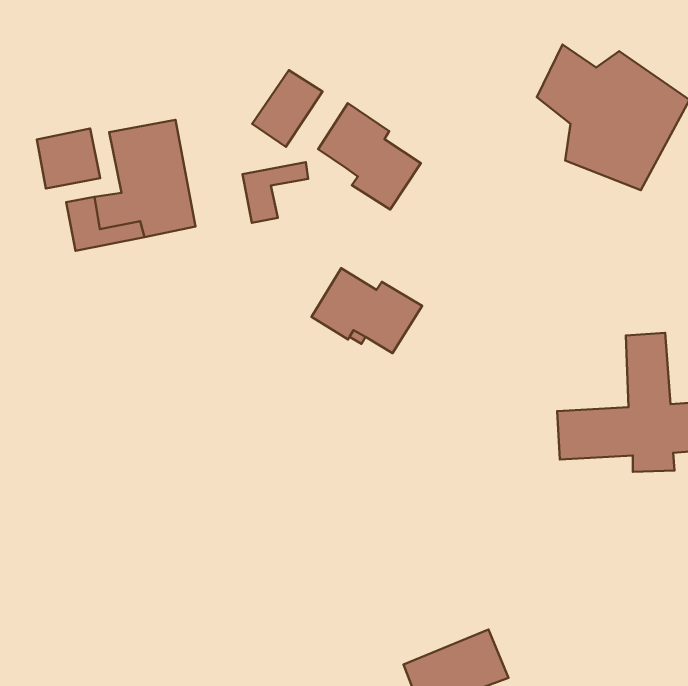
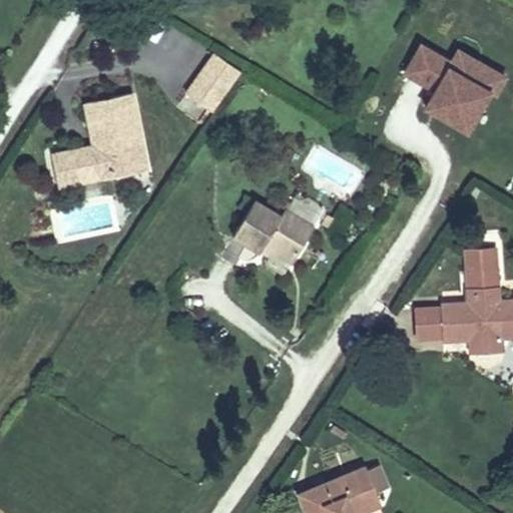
building: [318,103,421,210] -> none
building: [37,129,100,188] -> none
building: [242,162,308,223] -> none

